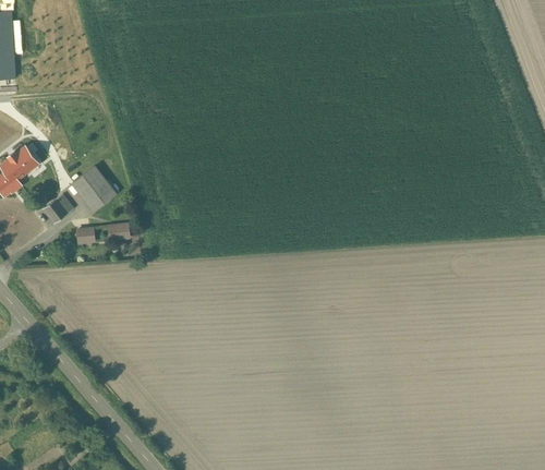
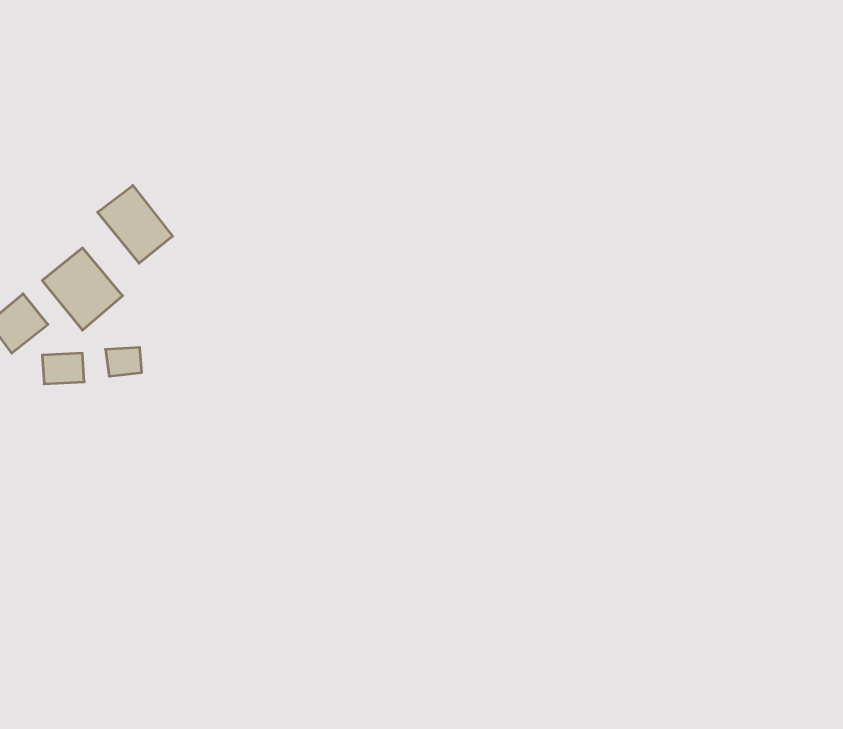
building: none -> [98,185,173,263]

